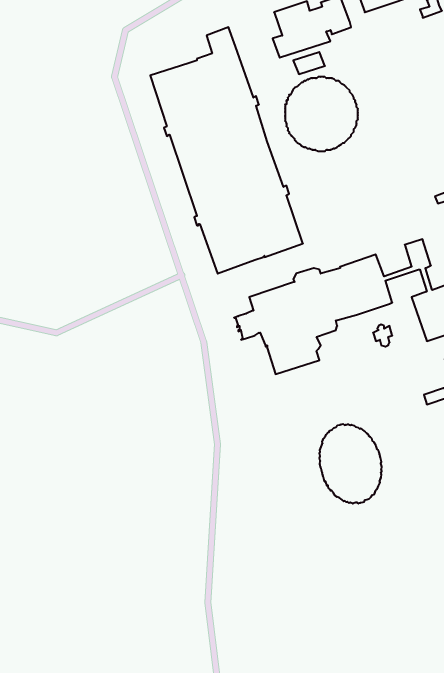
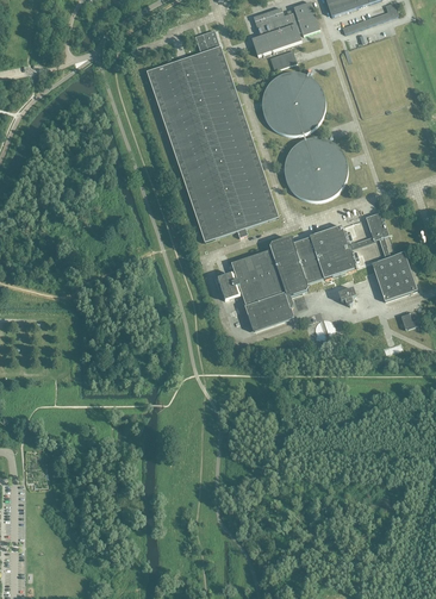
building: none -> [284,137,347,200]
building: [319,424,381,504] -> none

